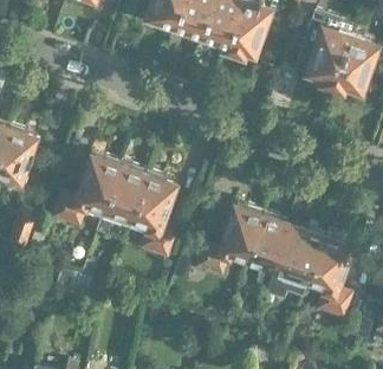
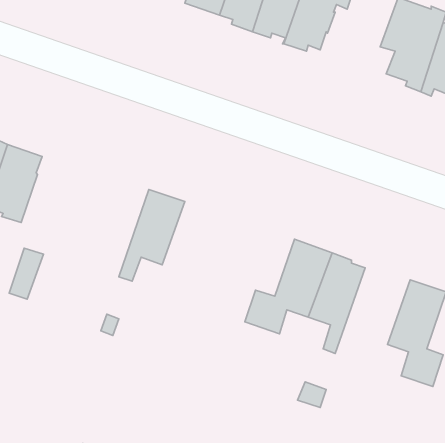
building: [53,153,121,232] -> none
building: [131,173,177,257] -> none
building: [266,225,326,311] -> none

